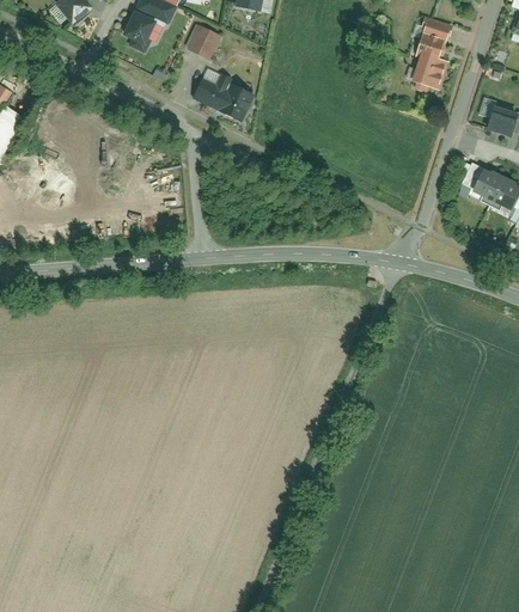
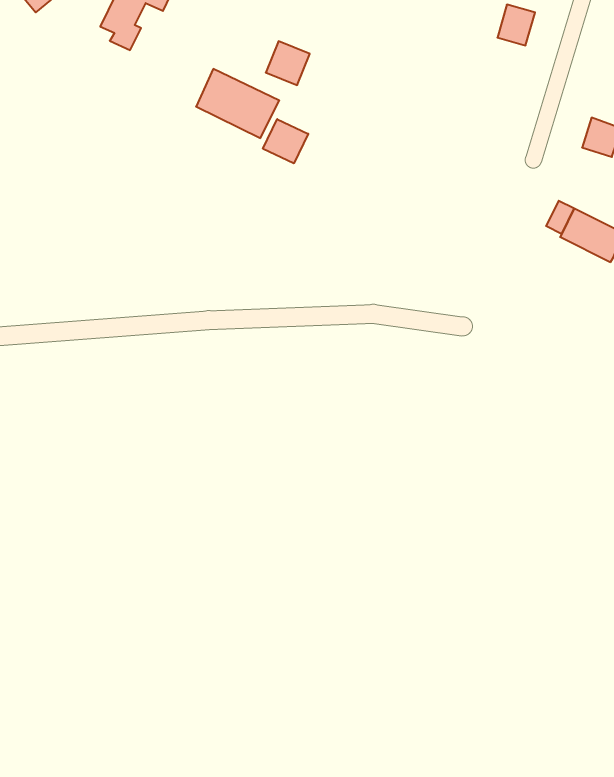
building: [194,27,227,61] -> [266,41,310,85]
building: [411,44,450,91] -> none
building: none -> [263,119,308,163]

